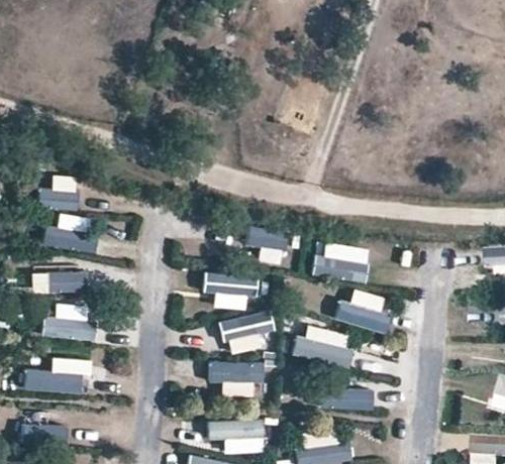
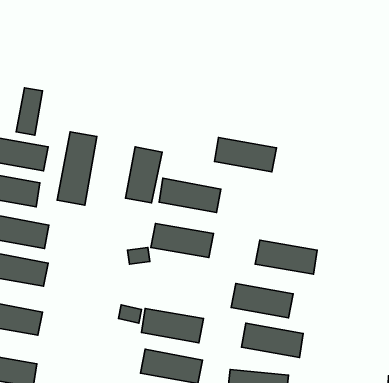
building: none -> [16,88,43,135]
building: none -> [57,132,97,205]
building: none -> [126,147,162,203]
building: [311,243,379,280] -> [215,138,277,172]
building: [213,321,279,351] -> none

